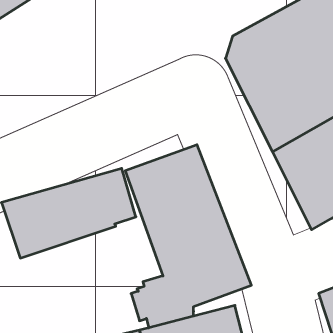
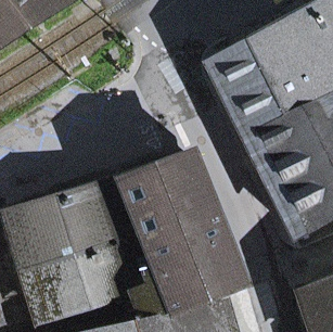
building: none -> [27,219,142,317]

